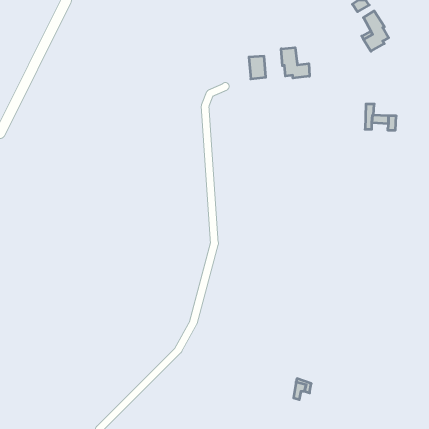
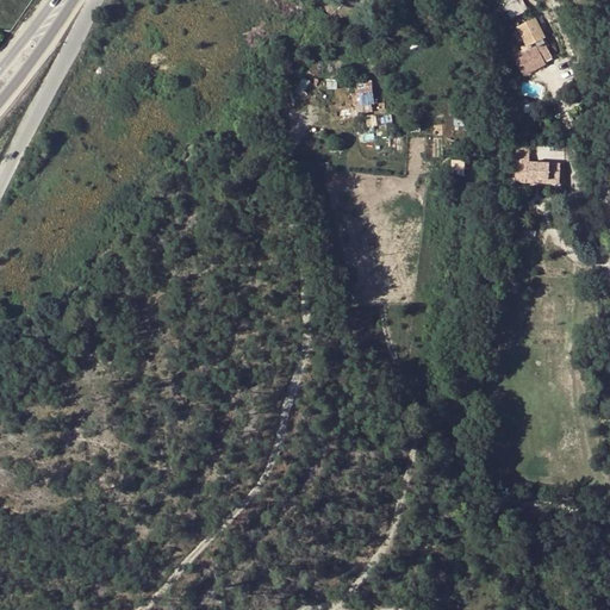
building: [281,48,309,78] -> none

